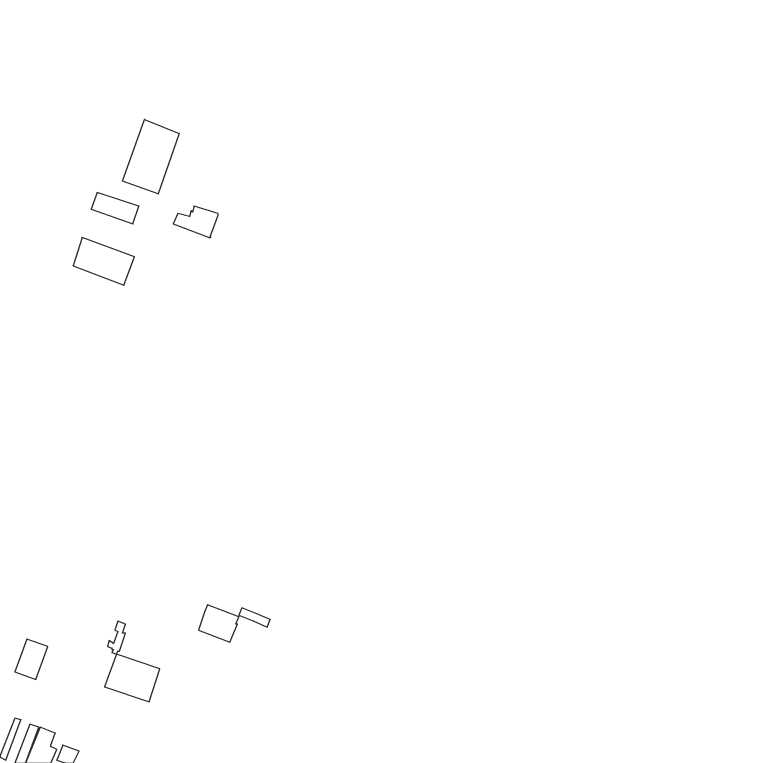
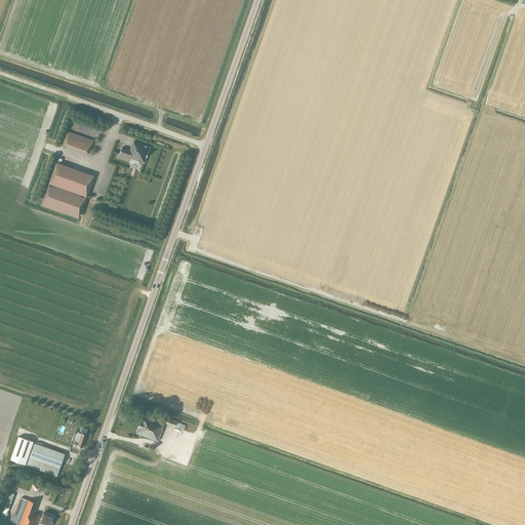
building: [123,119,179,194] -> none
building: none -> [44,183,85,211]
building: [105,654,160,702] -> [27,443,65,476]

